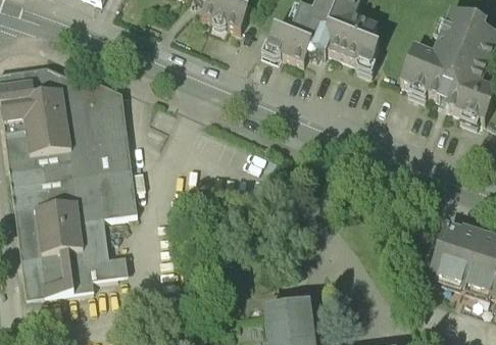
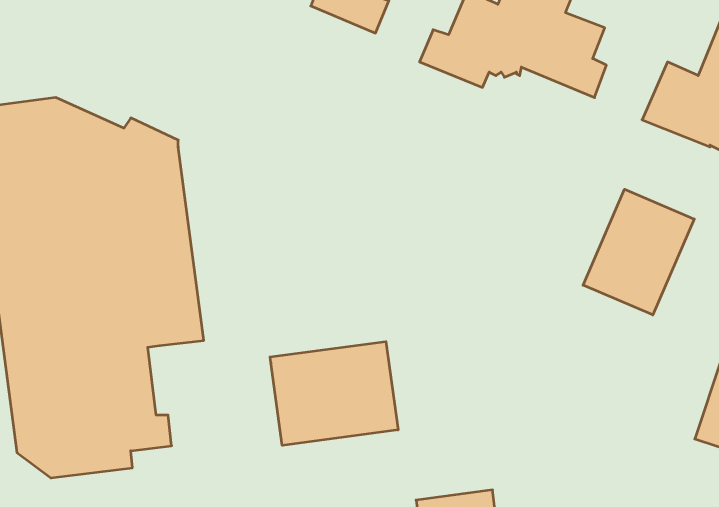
building: none -> [583,189,694,315]
building: none -> [270,342,398,445]

